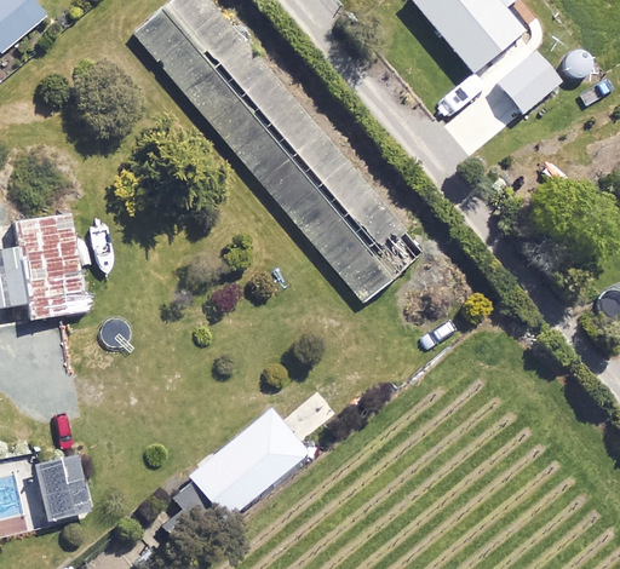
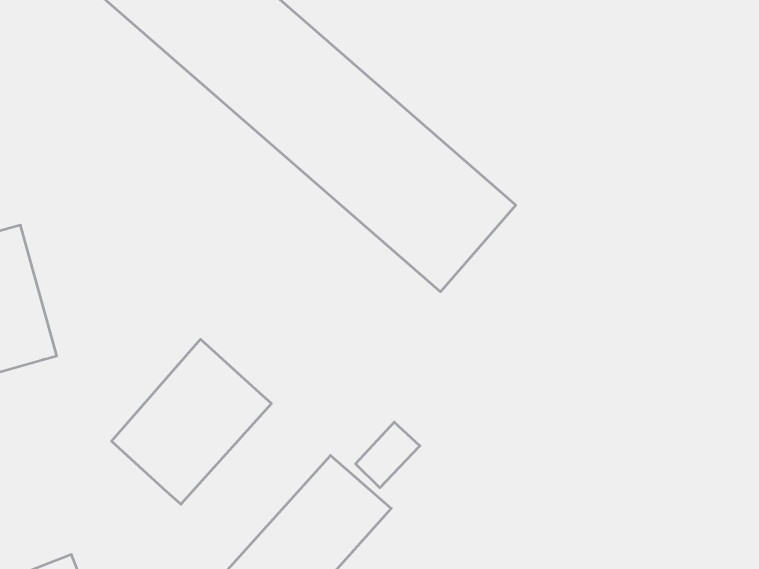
building: none -> [112,339,271,504]

